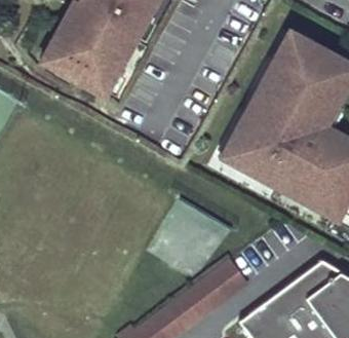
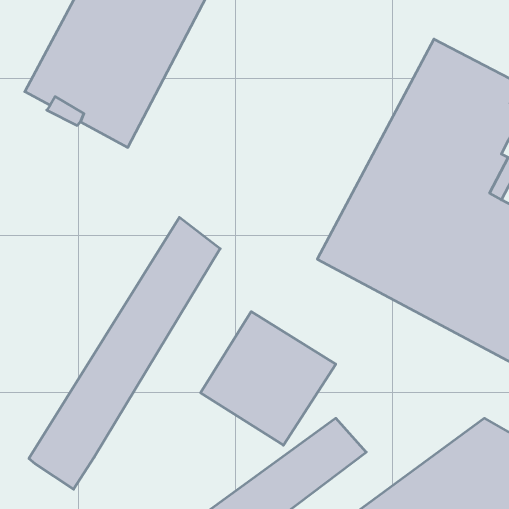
building: none -> [29,217,220,489]

